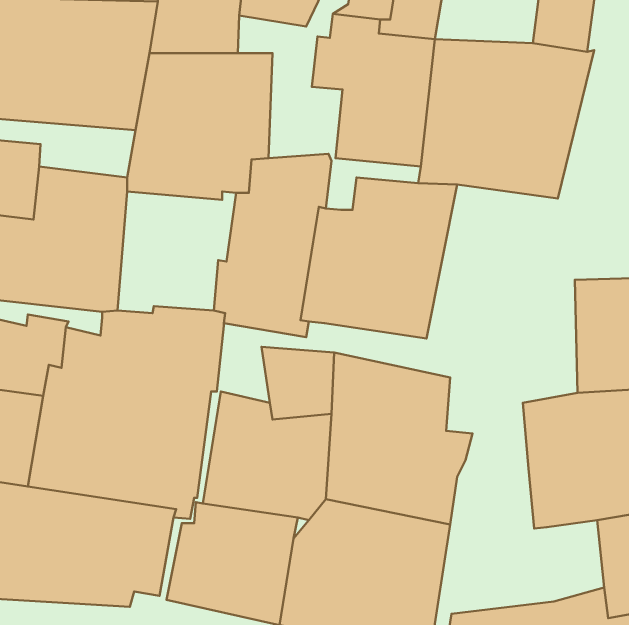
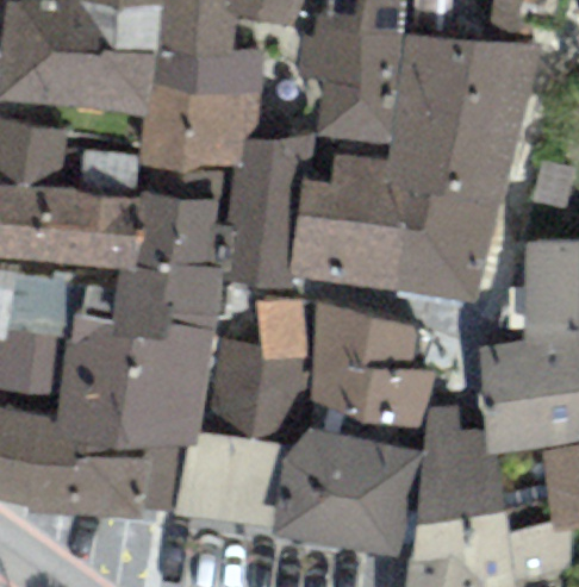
building: none -> [394,160,506,301]
building: none -> [131,166,220,269]
building: none -> [416,401,503,525]

